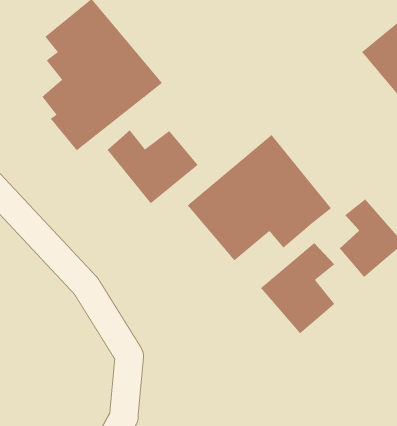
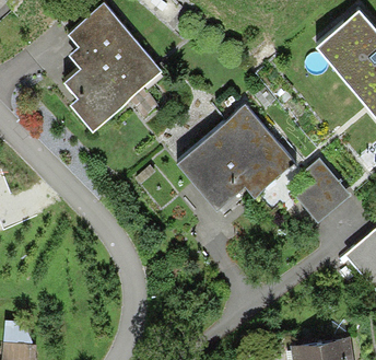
building: [107,129,198,204] -> none
building: [260,242,335,334] -> none

